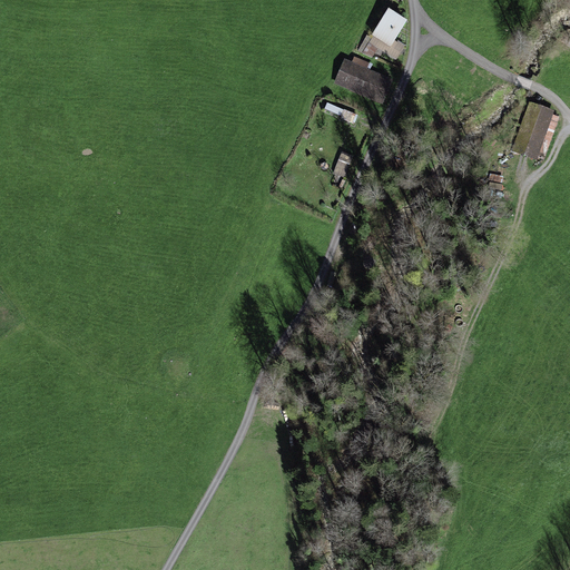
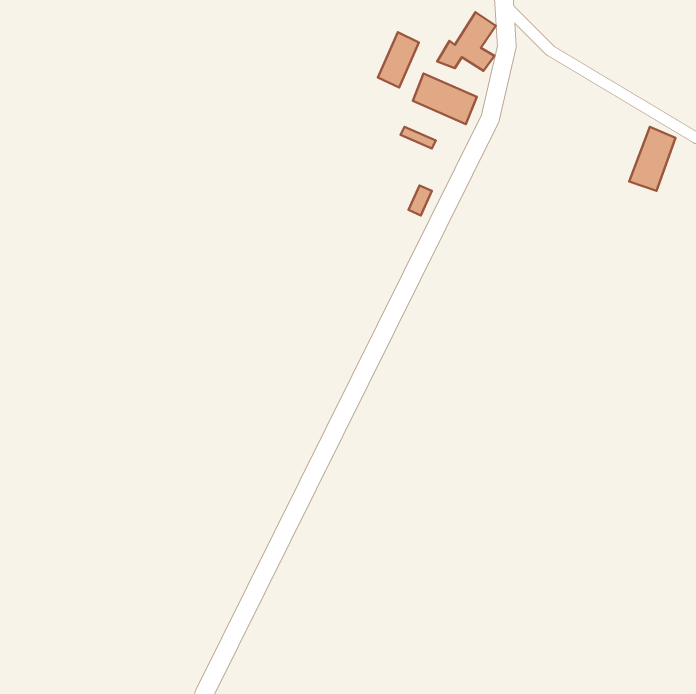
building: none -> [378,32,419,88]

